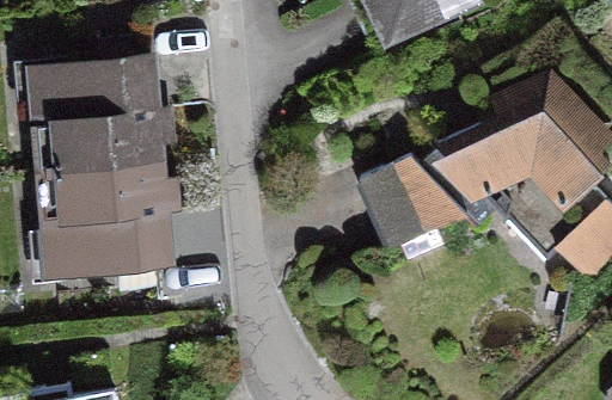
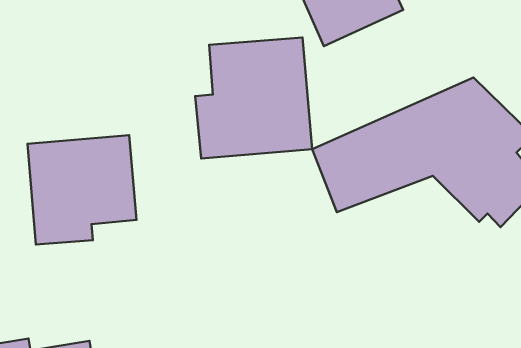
building: [41,35,161,167] -> none
building: none -> [195,37,312,158]

